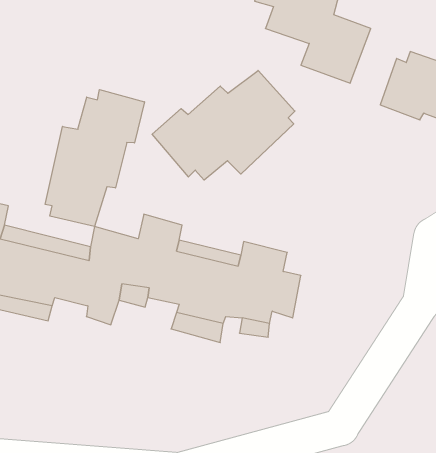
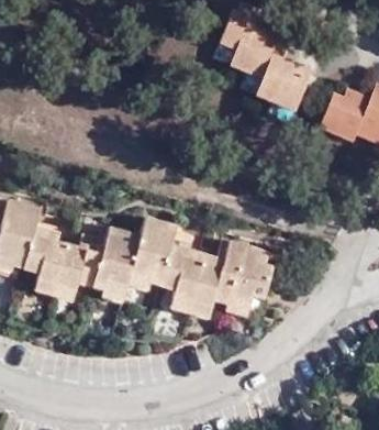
building: [152,70,295,180] -> none
building: [45,90,144,226] -> none

